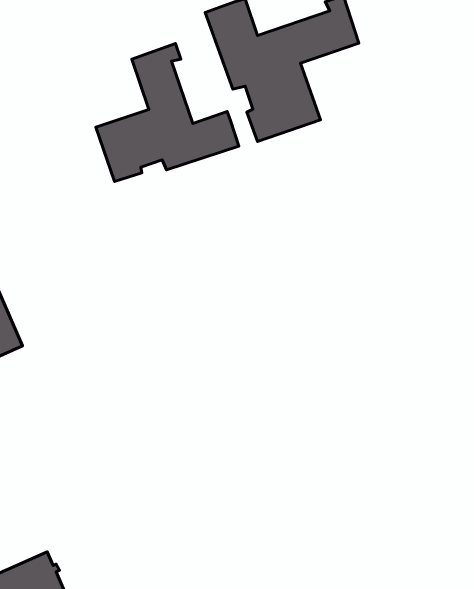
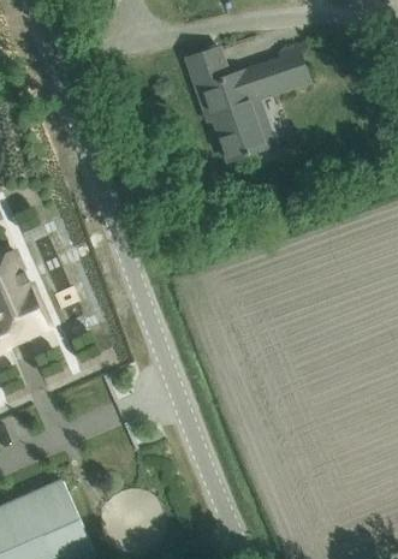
building: [96,43,239,182] -> none

